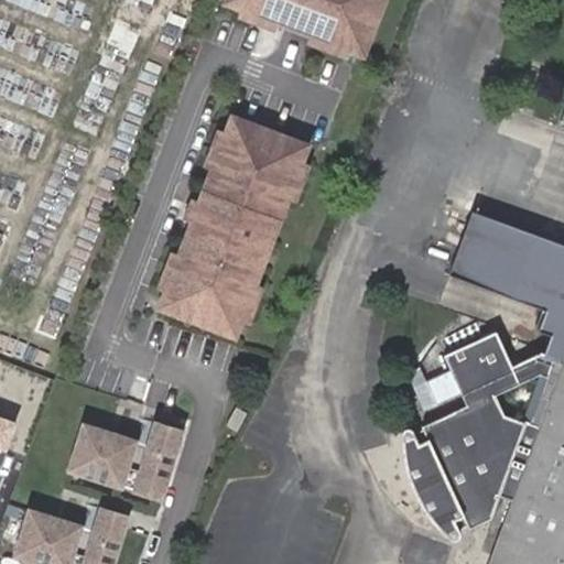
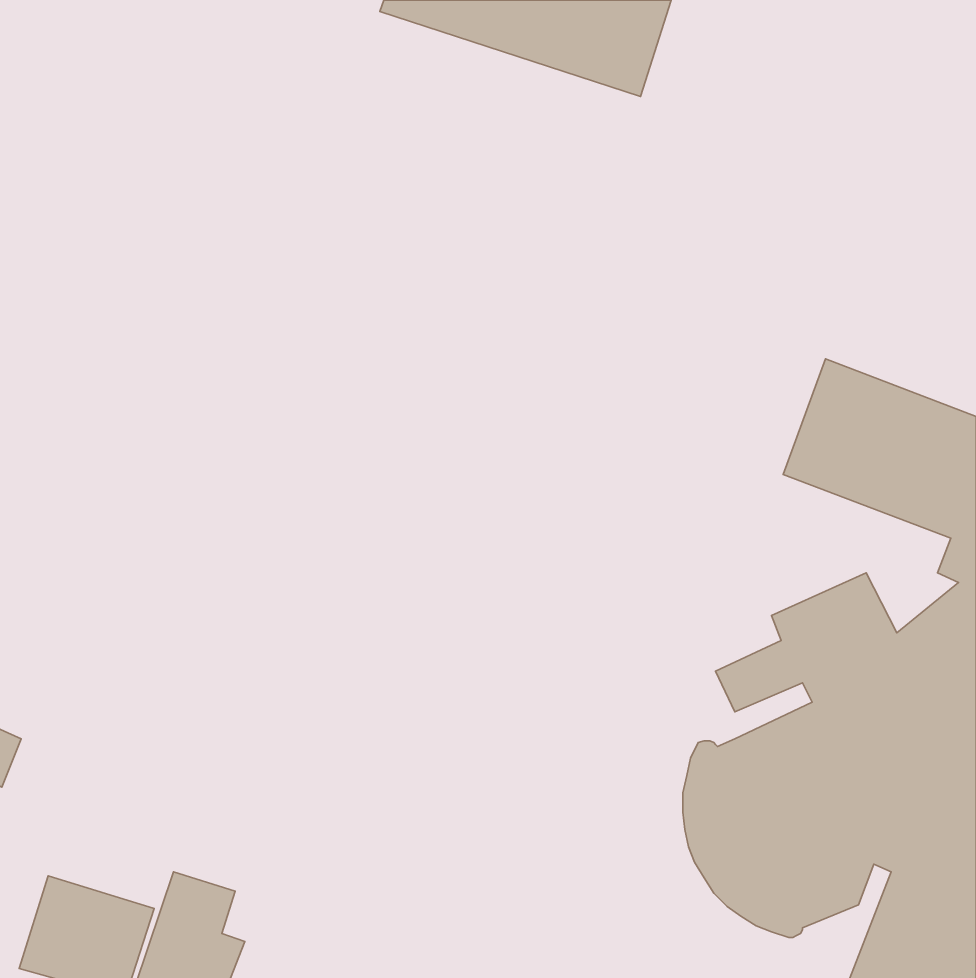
building: [158,111,316,341] -> none
building: [131,417,187,503] -> none
building: [67,420,142,490] -> none

